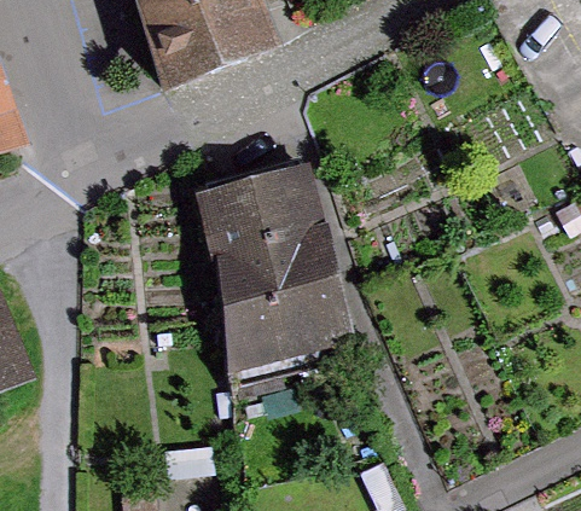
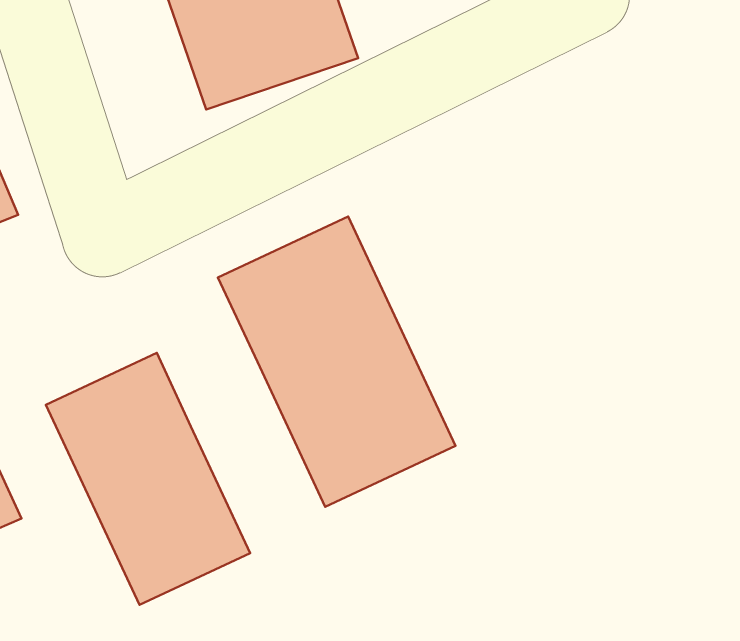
building: none -> [46,353,250,605]

